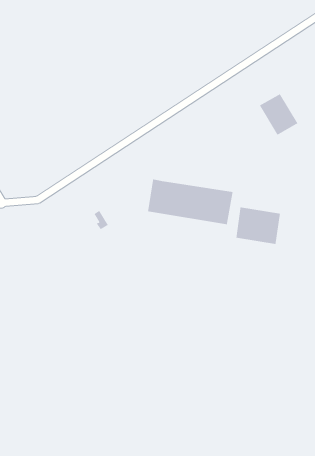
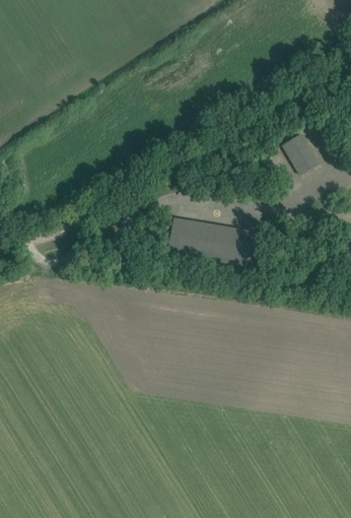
building: [235,207,281,245] -> none

